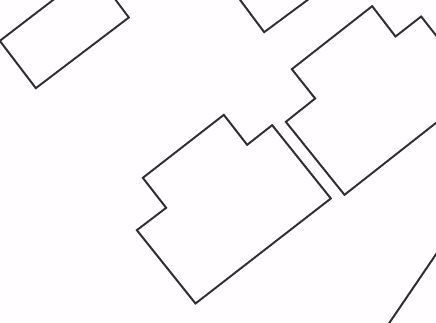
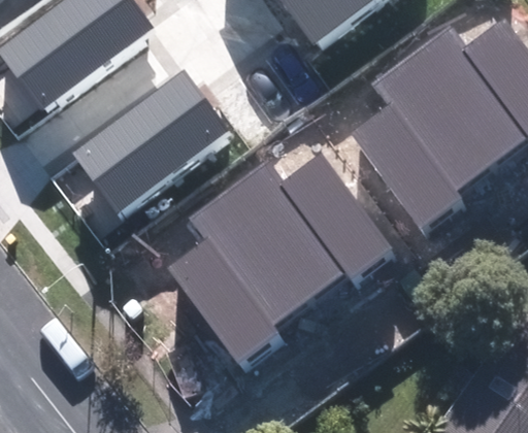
building: none -> [75,77,231,220]

